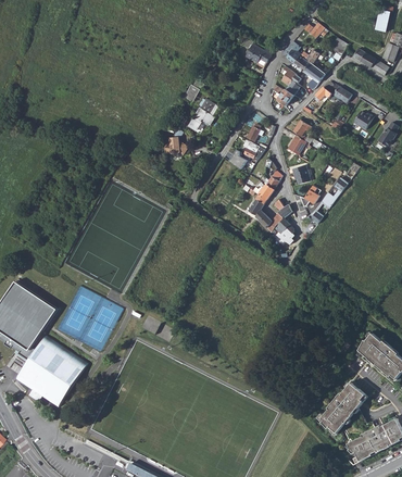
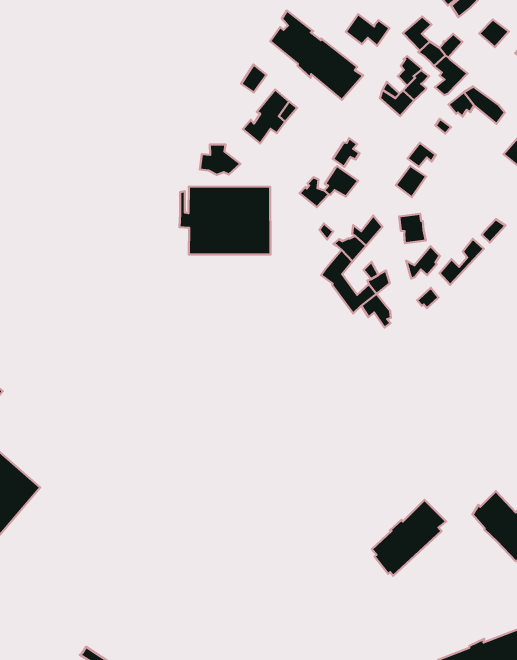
building: none -> [270,11,363,100]
building: none -> [179,186,270,255]
building: [322,382,366,432] -> [372,500,446,576]

